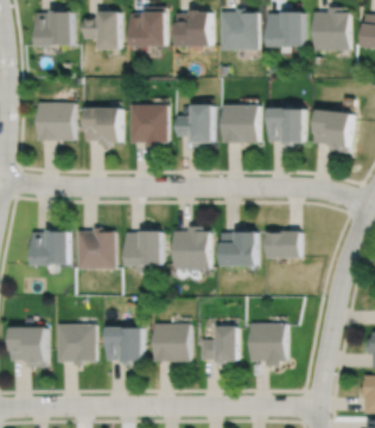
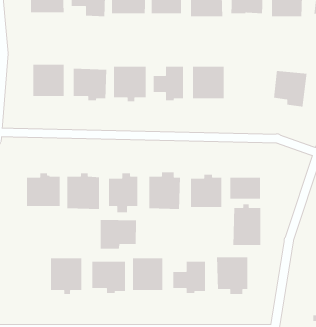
building: [267,109,304,147] -> none
building: none -> [233,203,261,246]
building: none -> [100,219,137,250]
building: [11,328,47,369] -> none

